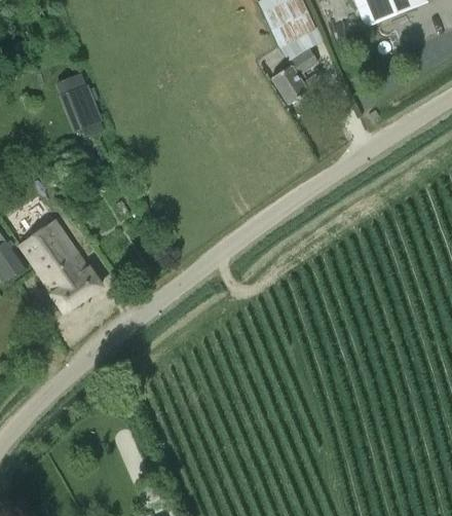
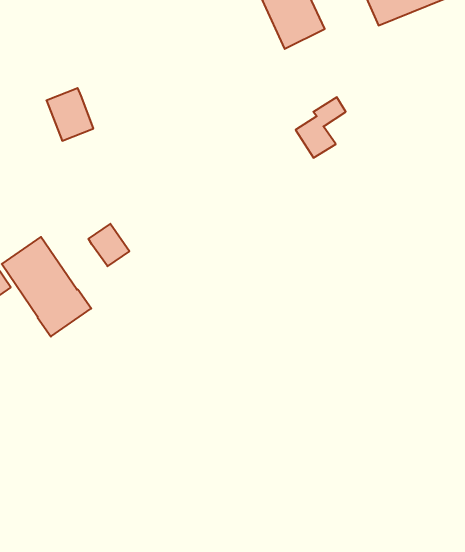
building: [271,47,317,103] -> [296,97,346,158]
building: none -> [88,224,129,266]

